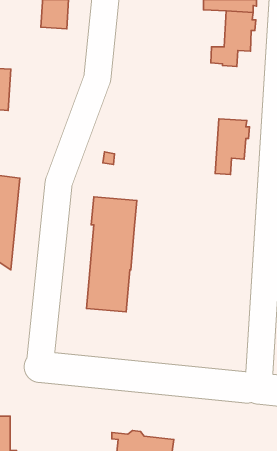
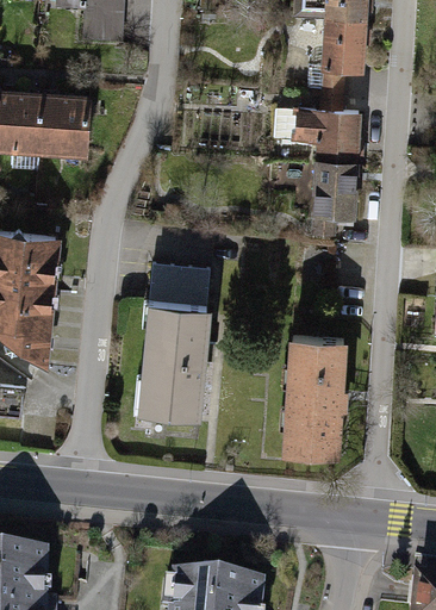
building: none -> [275,91,360,163]
building: none -> [39,95,88,152]
building: none -> [286,337,344,453]

